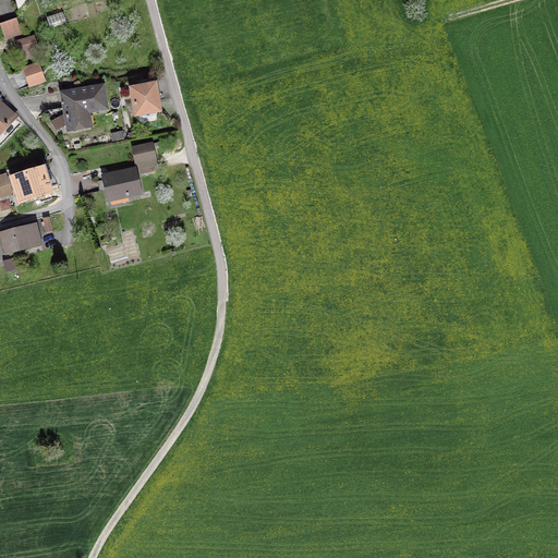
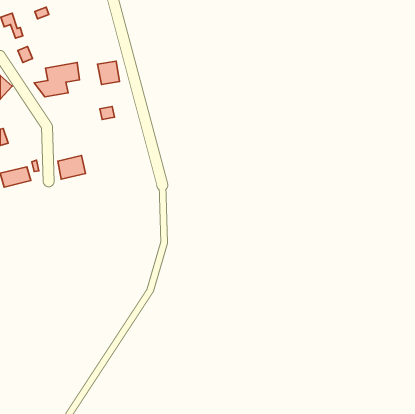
building: [12,167,52,201] -> none
building: [104,167,141,198] -> [58,155,85,179]

